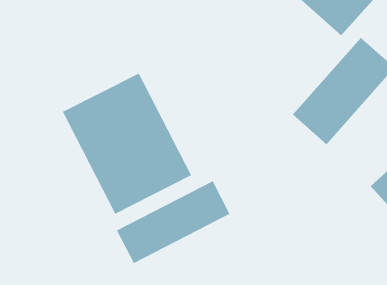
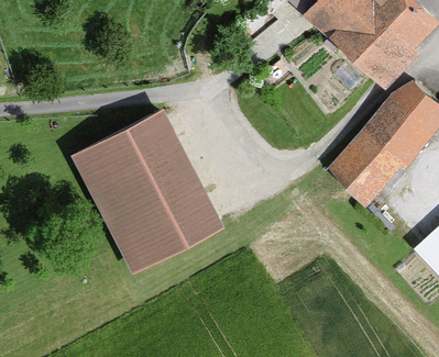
building: [116,180,231,264] -> none

